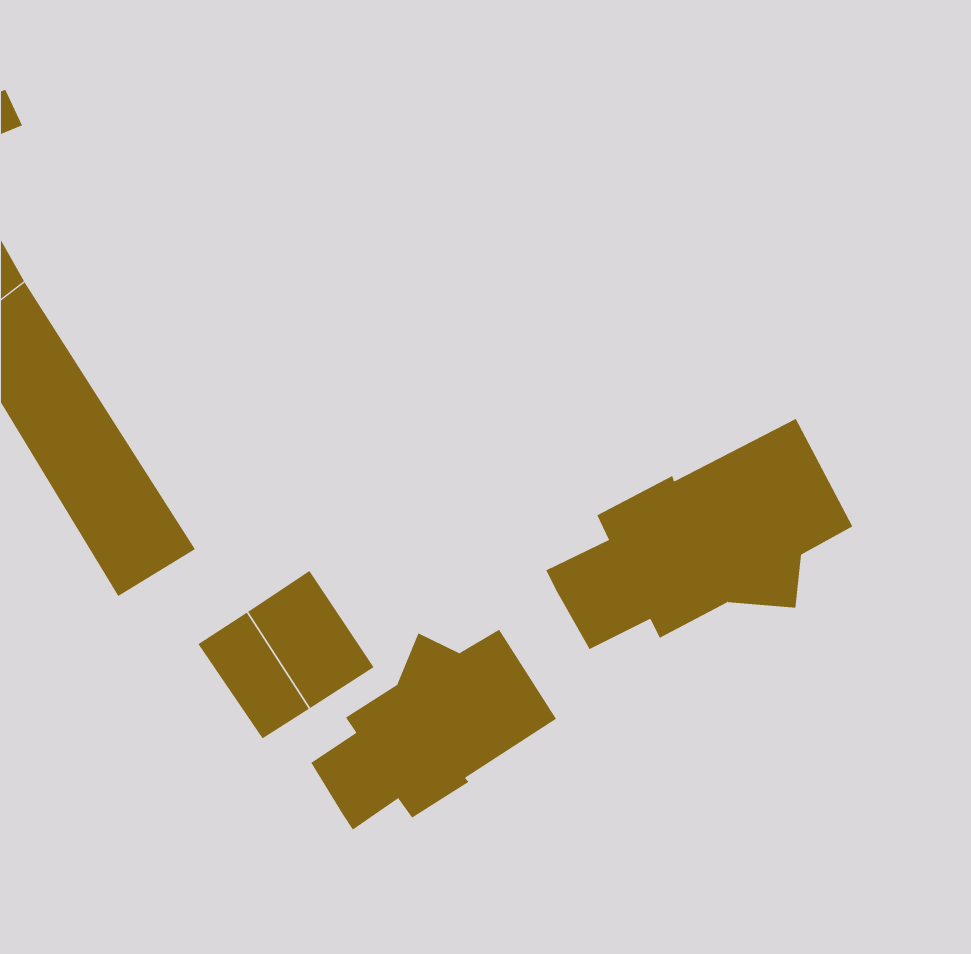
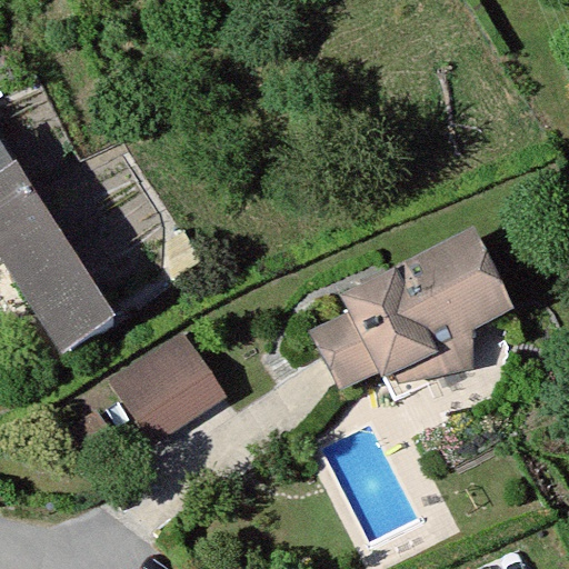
building: [311,629,557,830] -> none

